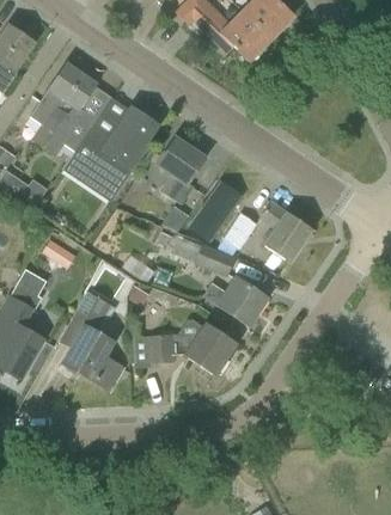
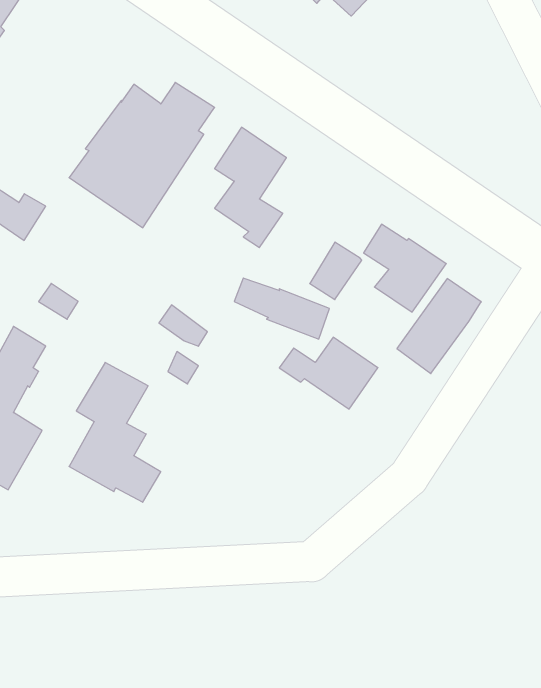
building: [30,63,97,158] -> none
building: [187,180,243,244] -> [397,279,481,374]
building: [128,320,237,373] -> none

